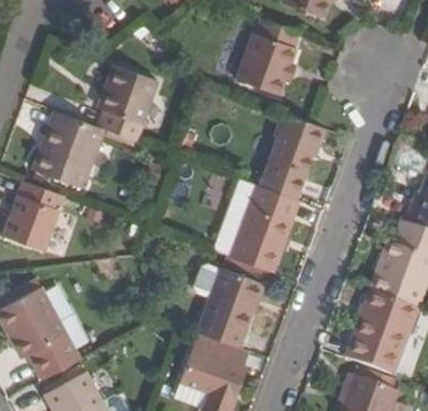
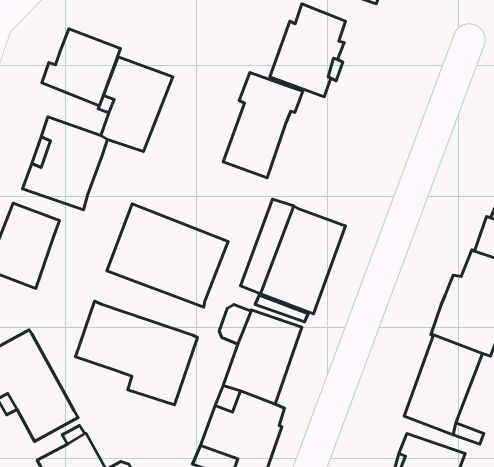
building: none -> [42,29,120,106]
building: [260,114,325,200] -> [223,73,303,178]
building: none -> [107,204,228,307]
building: none -> [76,301,198,405]

